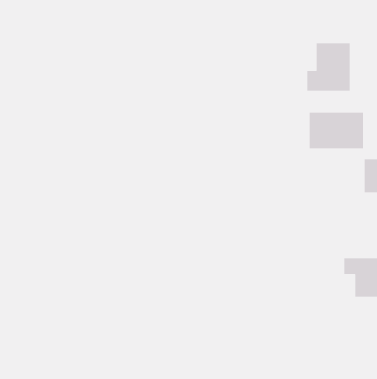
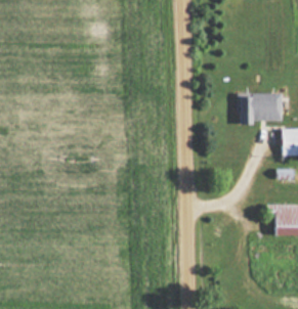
building: [307,43,351,92] -> none

